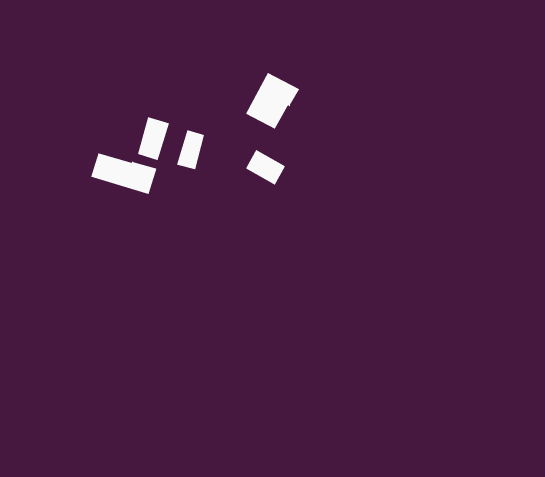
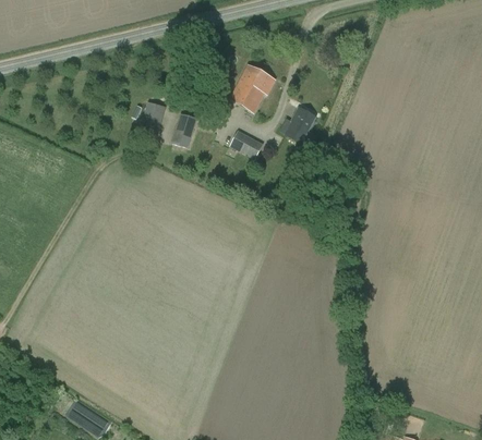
building: none -> [285,108,315,143]
building: [91,152,157,195] -> none

